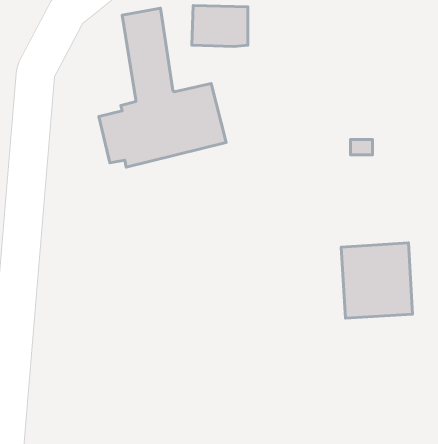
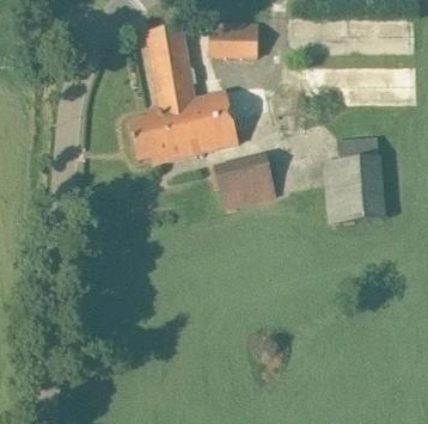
building: none -> [212,152,275,209]
building: [341,243,412,318] -> [323,155,385,221]

